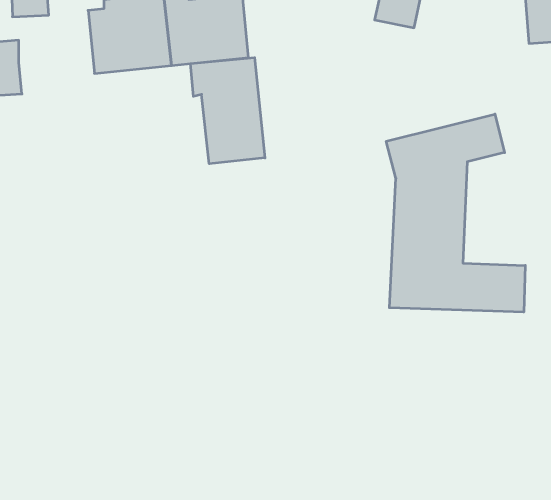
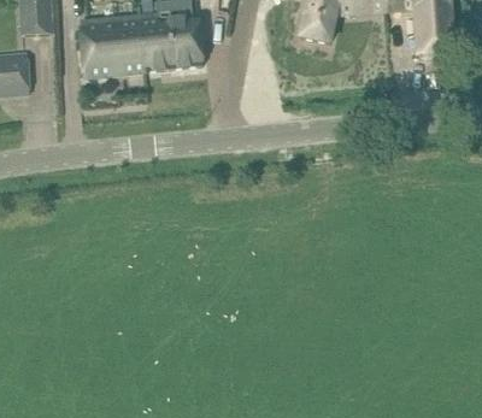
building: [191,58,265,164] -> none
building: [386,114,525,312] -> none

